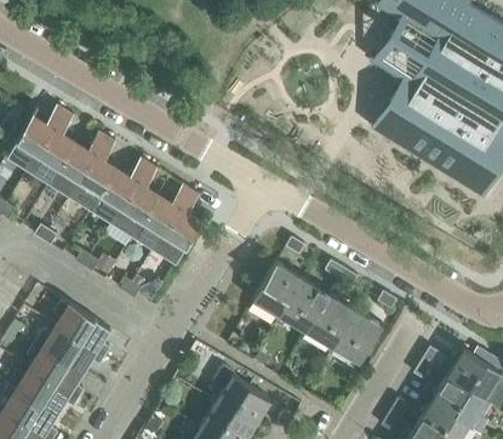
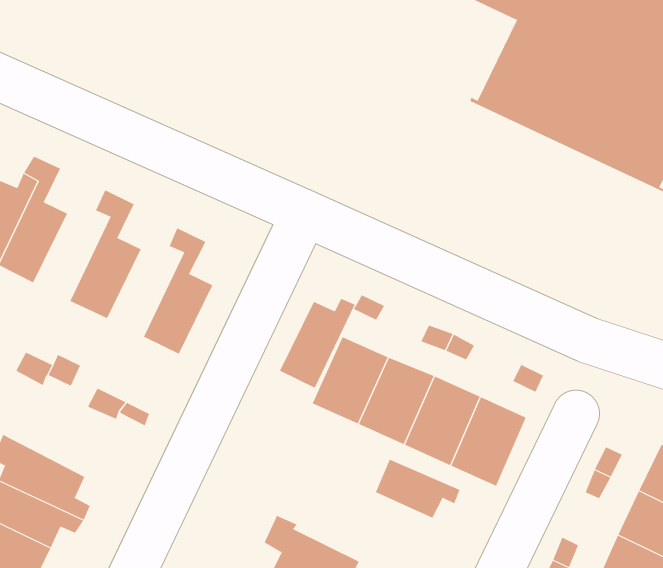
building: [91,169,142,222] -> none
building: [133,195,184,249] -> [279,298,356,389]
building: none -> [375,459,460,519]

